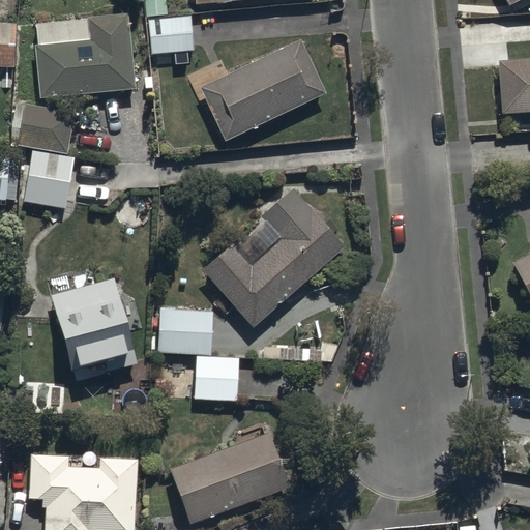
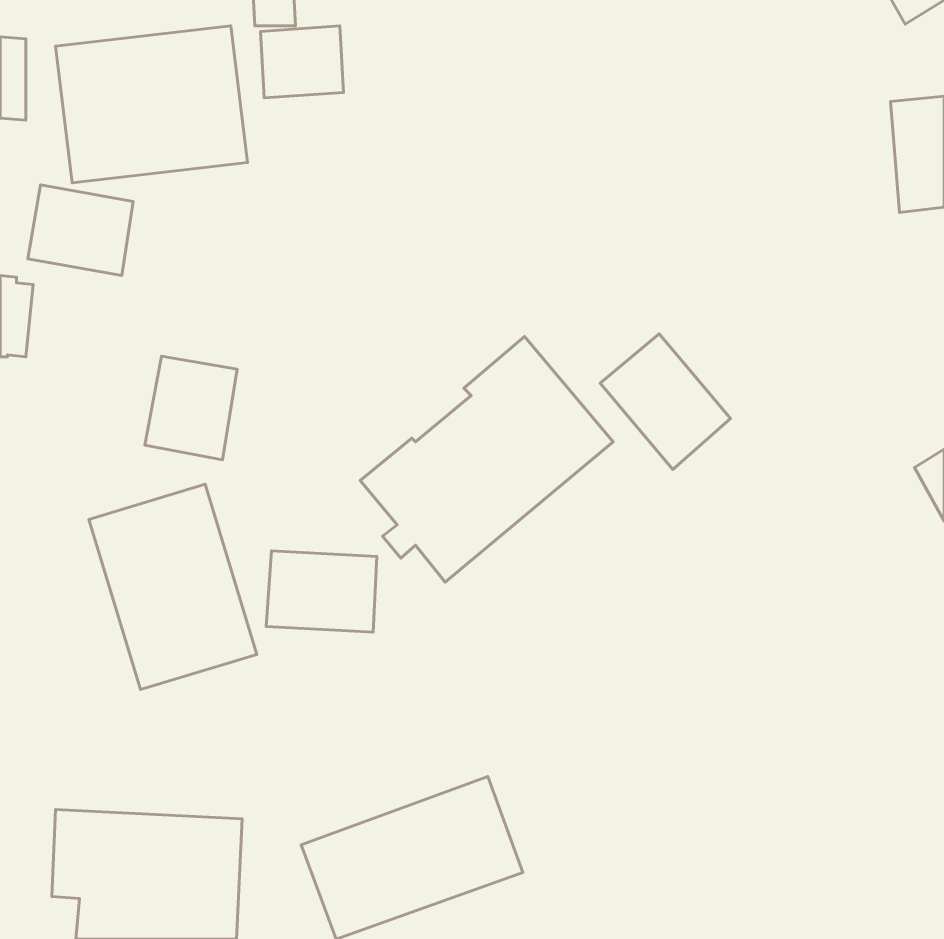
building: [202,39,329,141] -> none
building: [21,150,72,208] -> [145,356,237,460]
building: none -> [600,334,731,469]
building: [193,356,237,400] -> none

